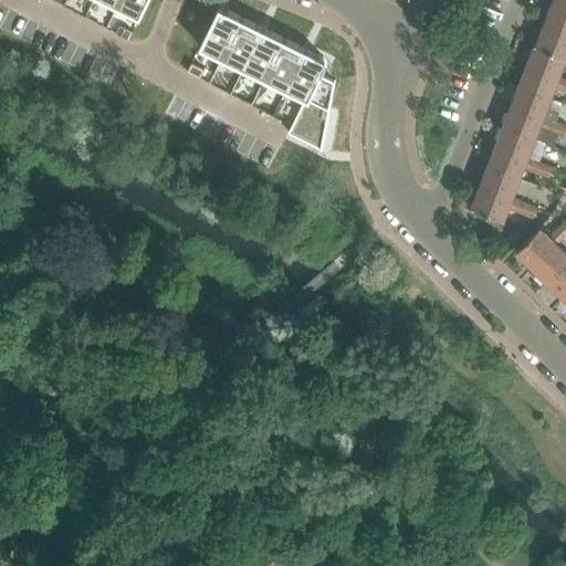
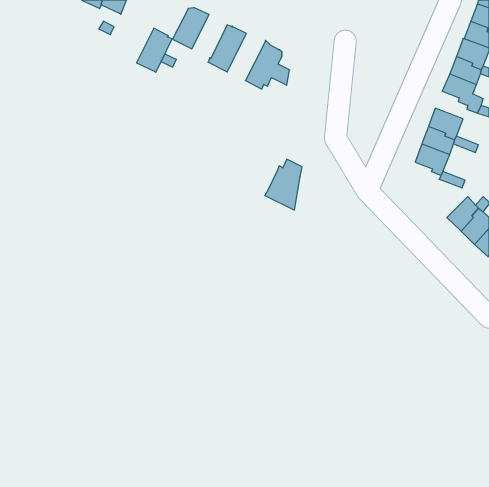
building: [221,20,262,71] -> [137,28,172,72]
building: [262,42,305,96] -> none
building: [287,93,331,151] -> [265,159,302,210]
building: [502,108,539,140] -> none
building: [471,190,509,222] -> none

